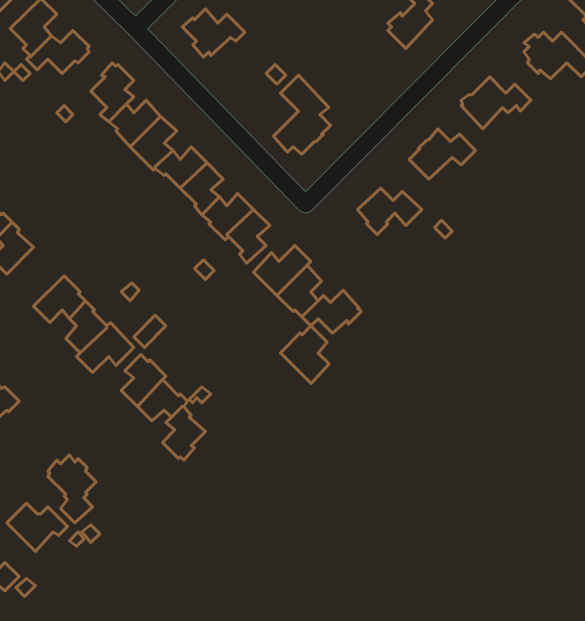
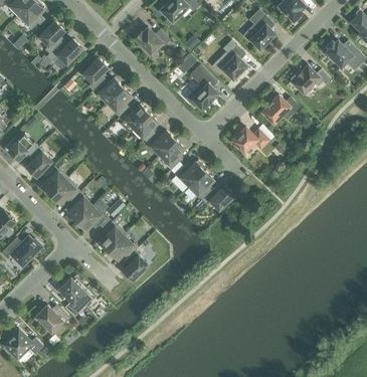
building: none -> [221,44,246,79]
building: none -> [42,165,67,194]
building: [280,326,329,384] -> none

